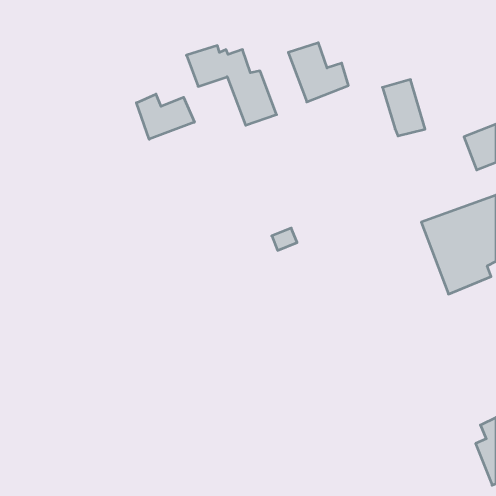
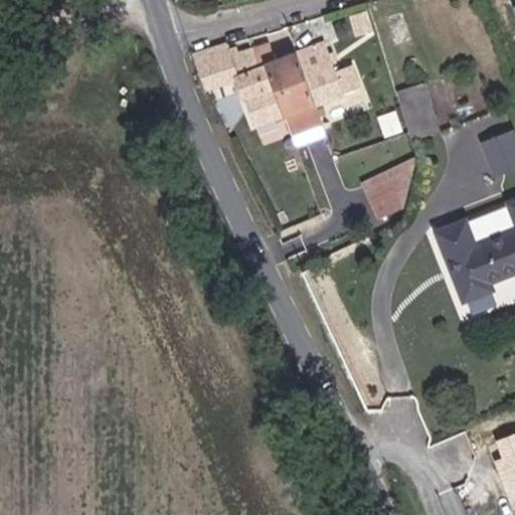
building: none -> [251,46,325,136]
building: [136,94,194,139] -> none
building: none -> [363,157,417,220]

